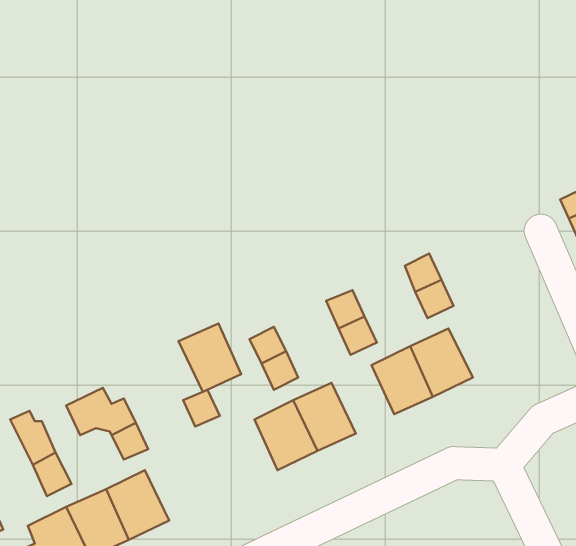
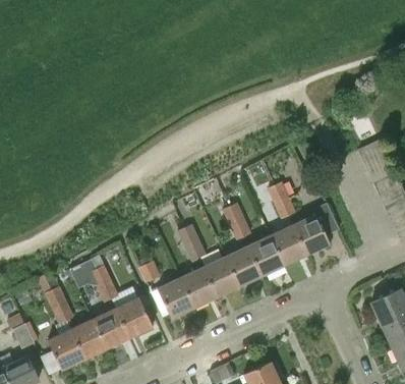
building: none -> [293,204,338,254]
building: [178,324,241,392] -> [157,278,193,318]
building: none -> [225,246,262,286]
building: none -> [116,294,156,337]

